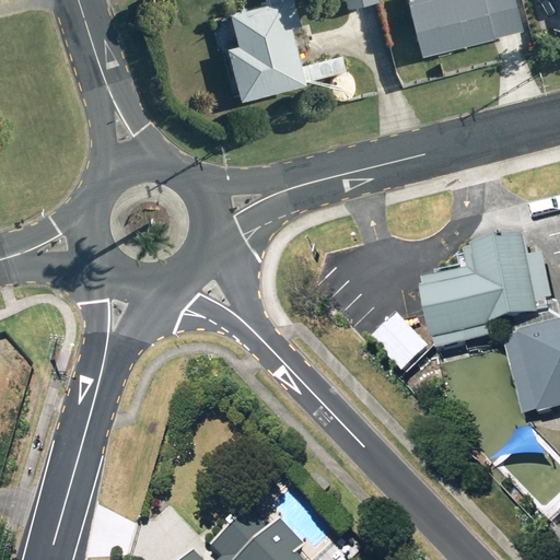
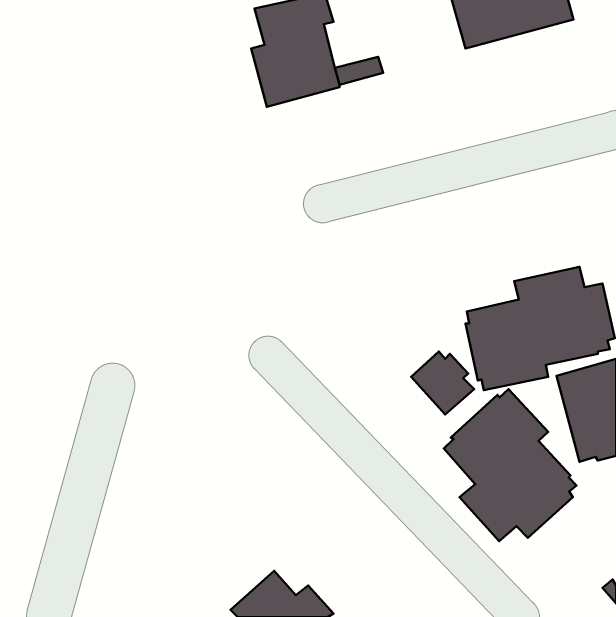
building: none -> [444,389,577,541]

